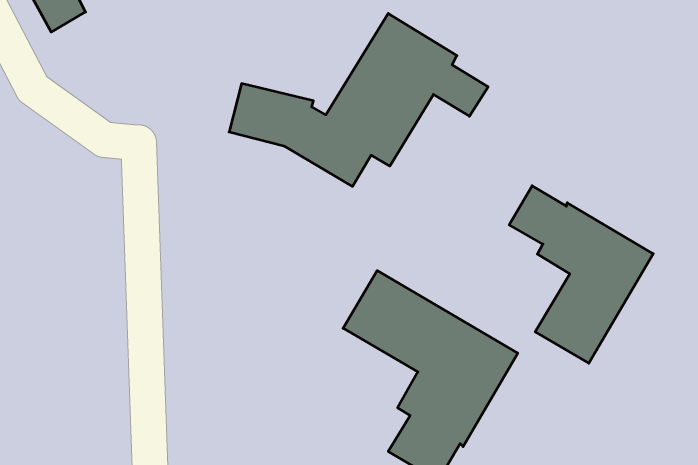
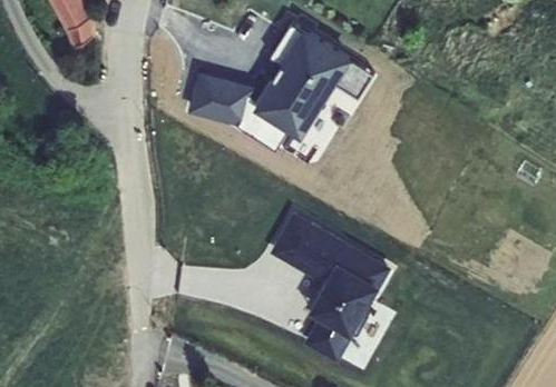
building: [509,186,653,363] -> none

